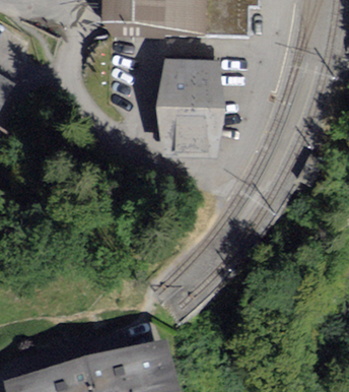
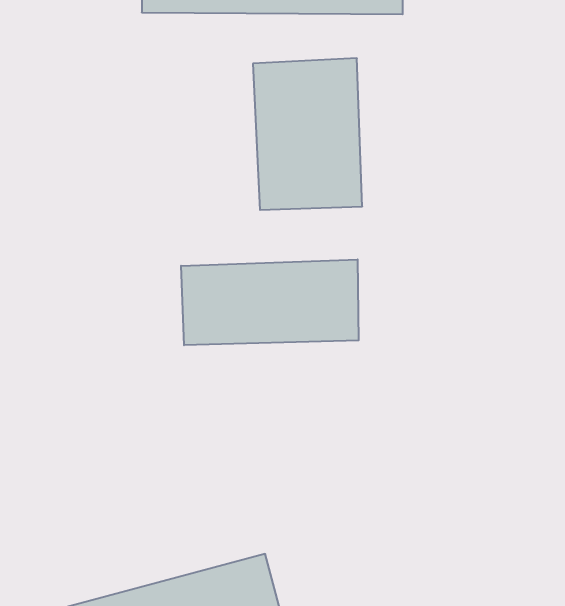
building: none -> [181,259,359,345]

